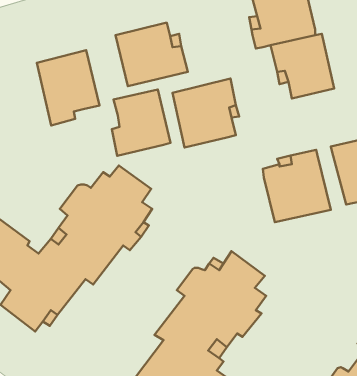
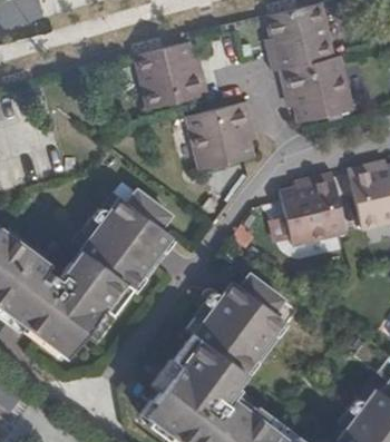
building: [37,50,99,125] -> none
building: [112,89,170,156] -> none

